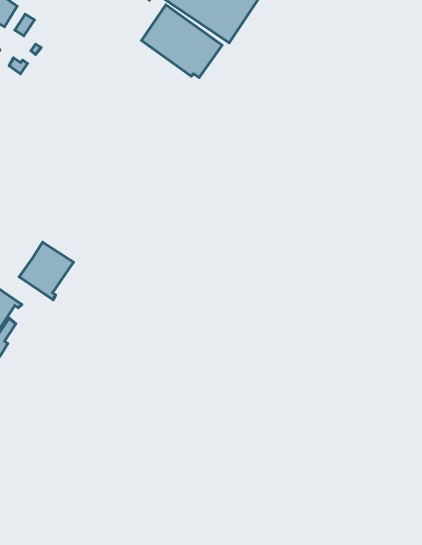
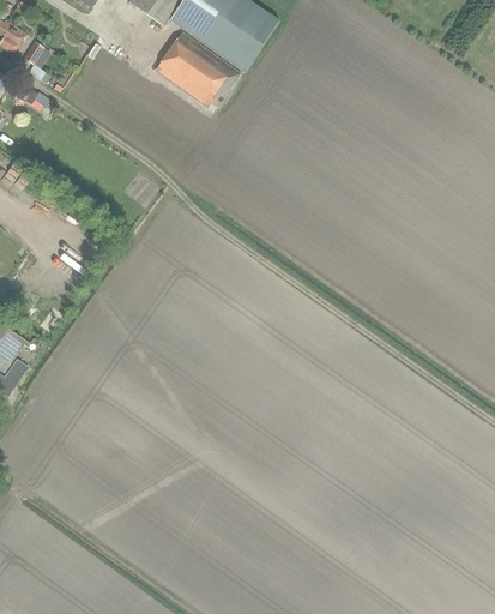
building: [19,242,74,300] -> none

